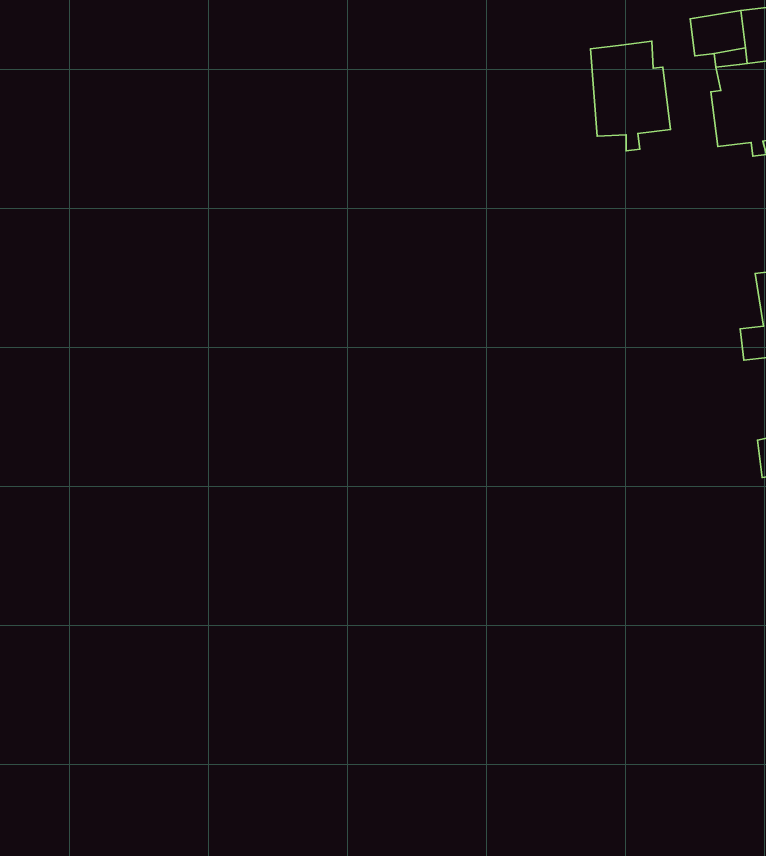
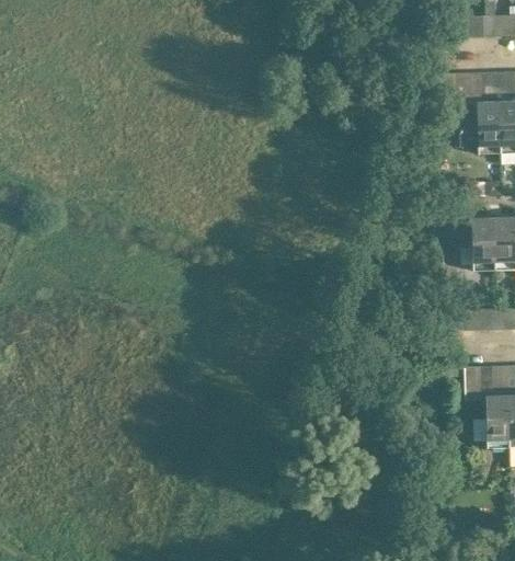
building: [590,41,670,151] -> none

